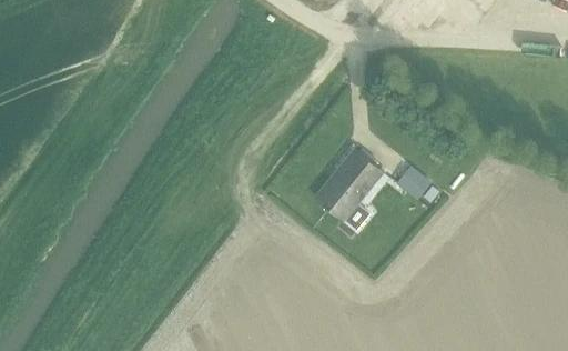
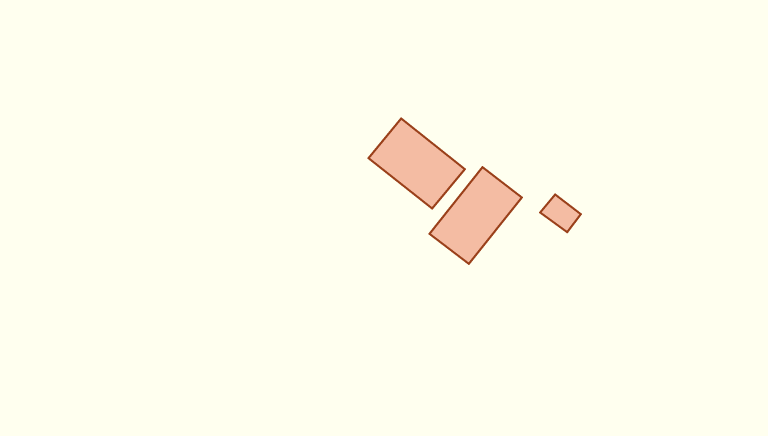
building: none -> [369,118,465,209]

